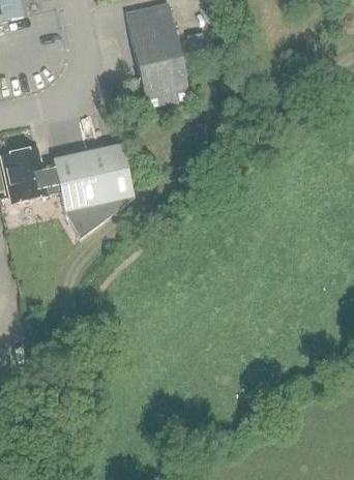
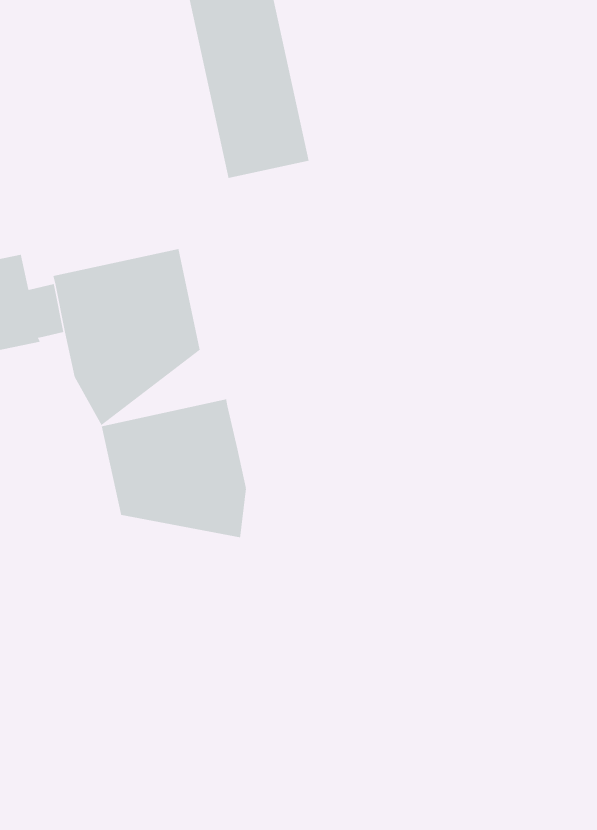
building: none -> [101,399,246,538]

